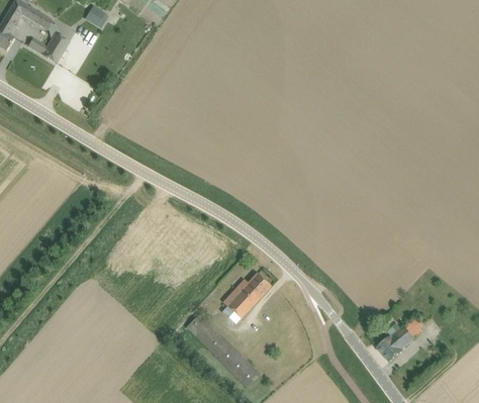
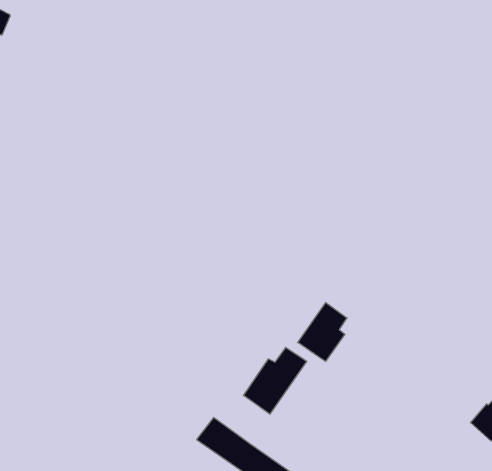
building: none -> [298,302,347,361]

